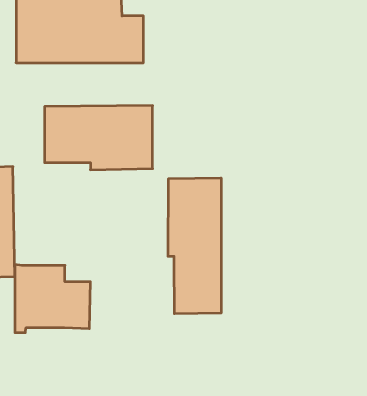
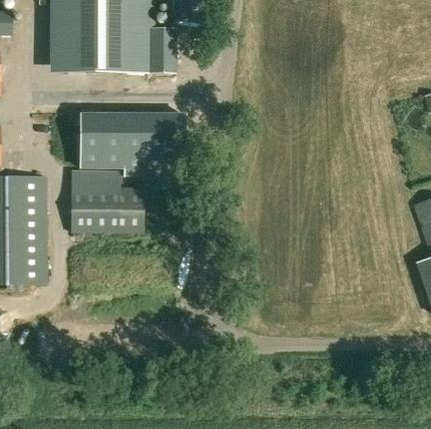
building: [168,178,221,314] -> none
building: [15,264,90,333] -> [71,169,145,237]

